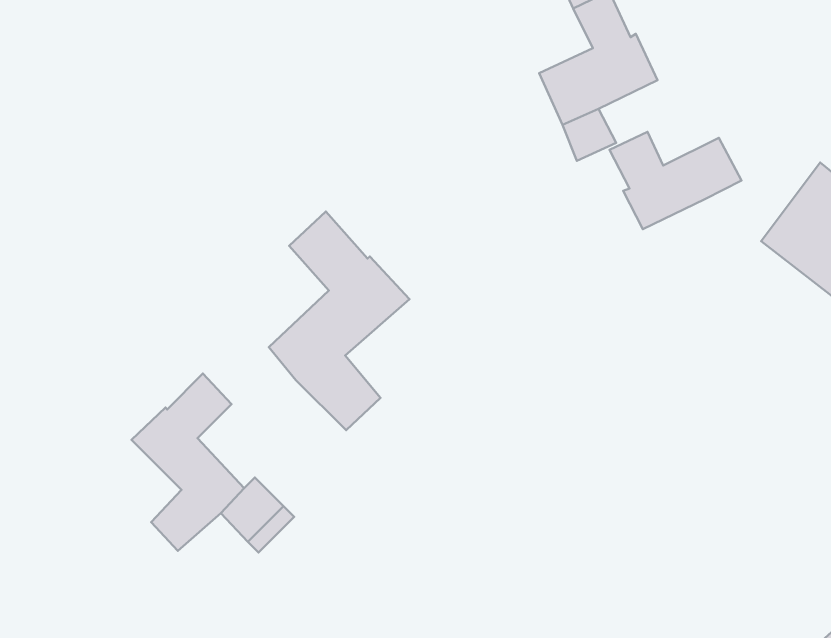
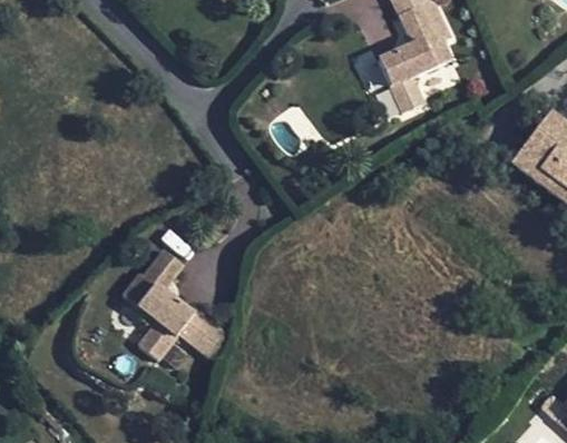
building: [610,132,742,229] -> none
building: [269,211,409,430] -> none

